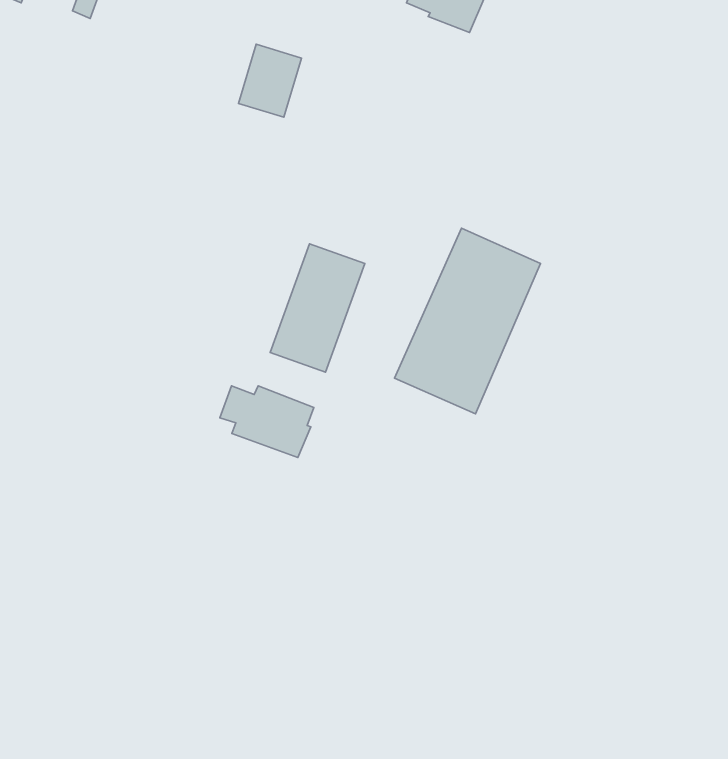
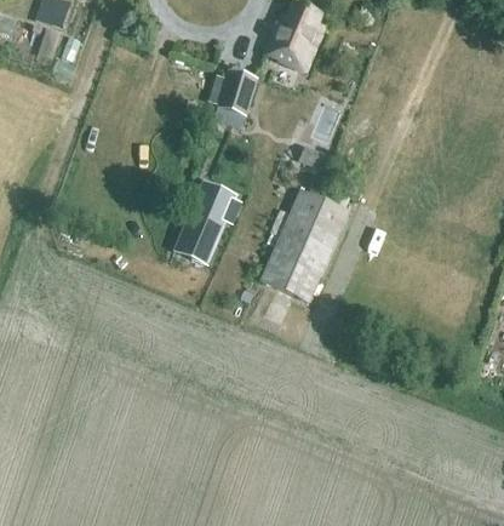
building: [238,44,302,117] -> [218,68,257,113]
building: [220,386,314,458] -> none

